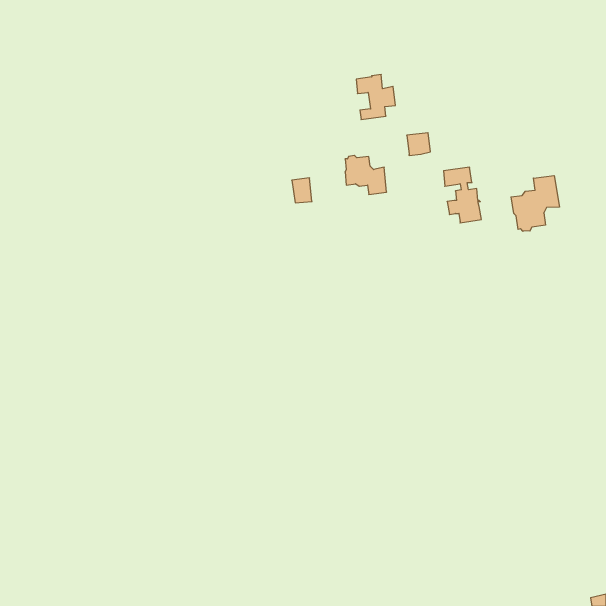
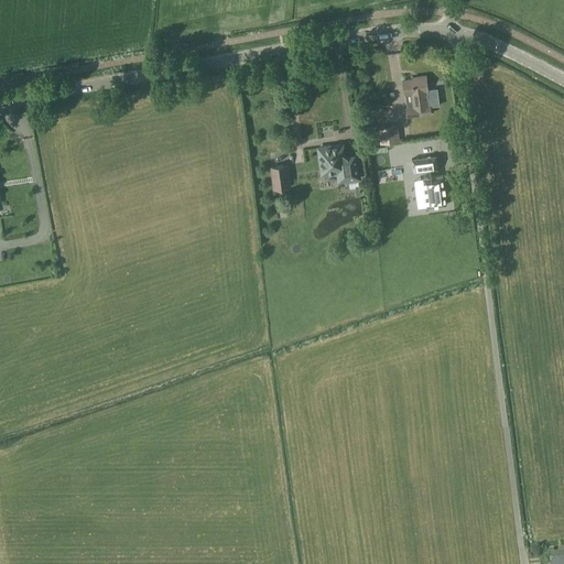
building: [356,75,395,120] -> [403,76,440,118]
building: [511,176,559,231] -> none

